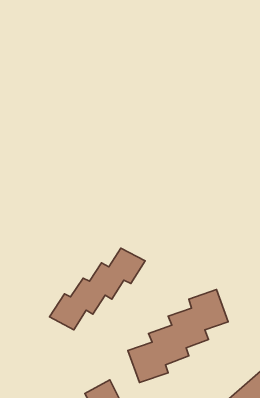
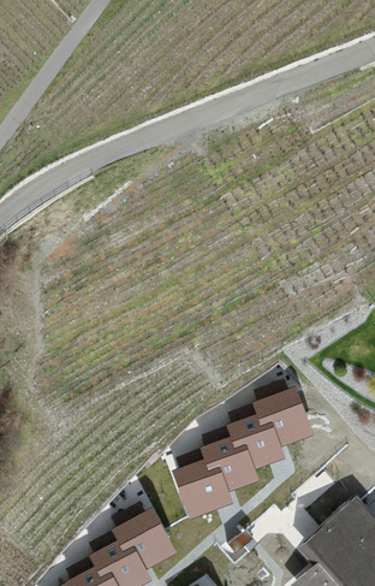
building: [50,248,145,330] -> none

